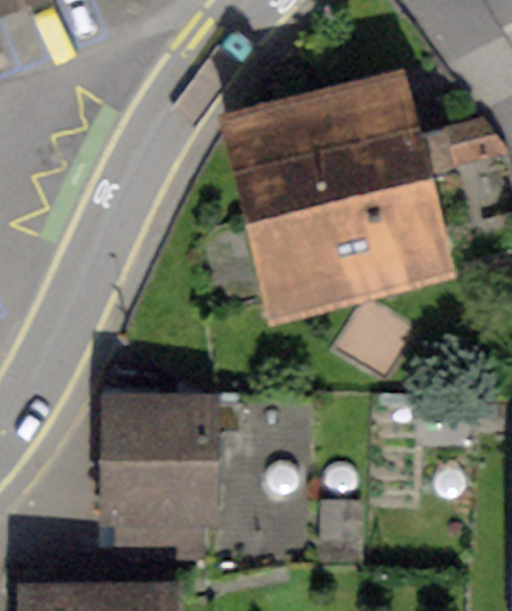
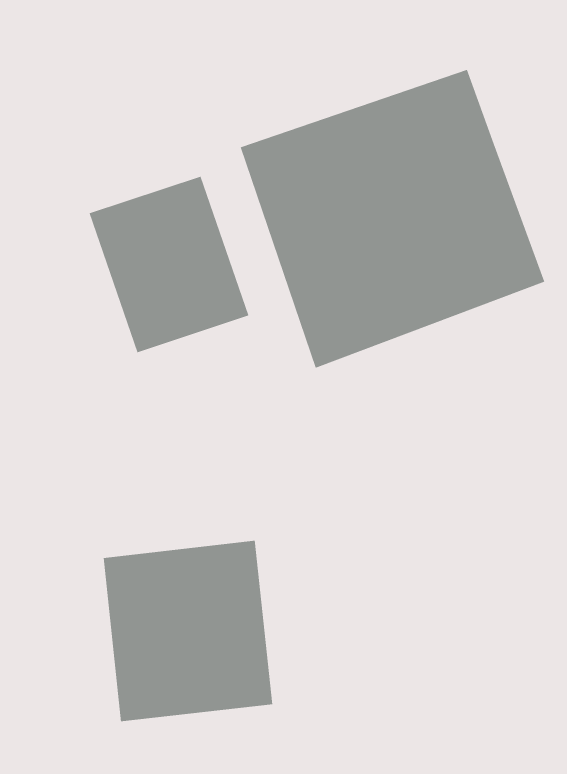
building: none -> [89,176,249,353]

